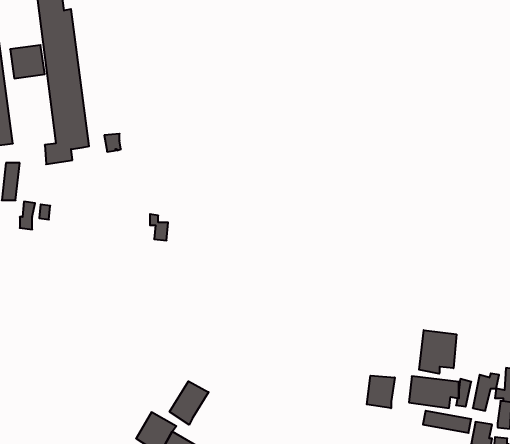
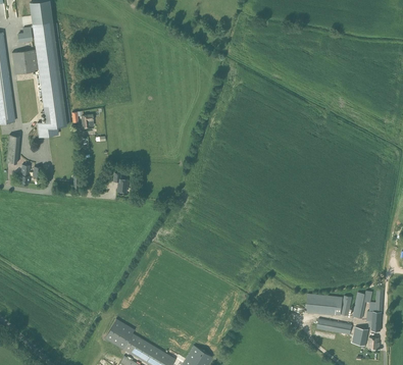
building: [419,330,456,374] -> none
building: [367,376,395,408] -> none
building: [170,381,209,425] -> none

